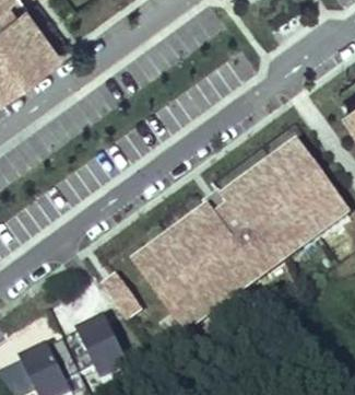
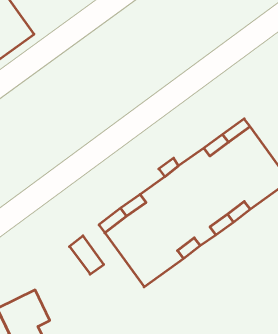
building: [63,321,130,382] -> none

